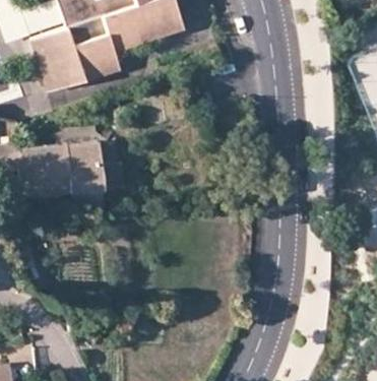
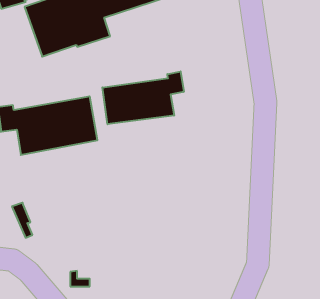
building: none -> [102,71,184,124]

